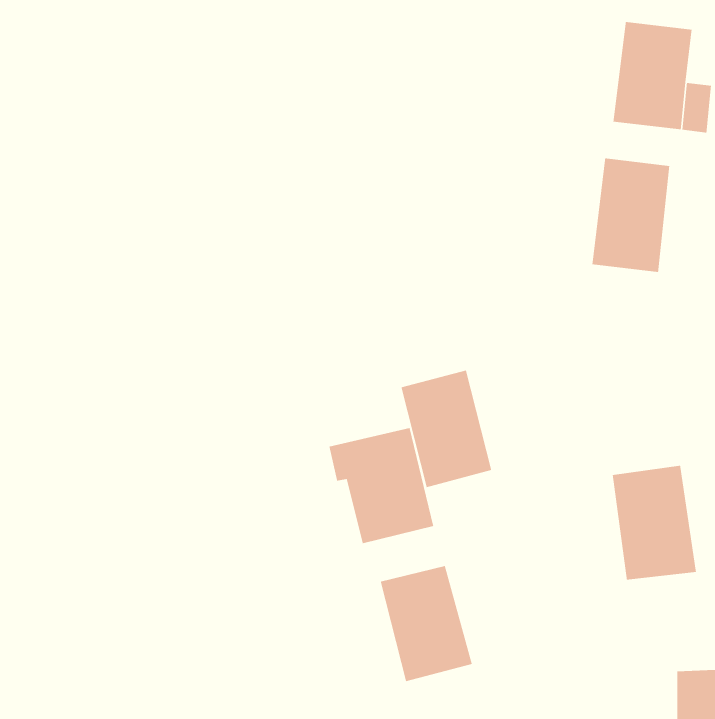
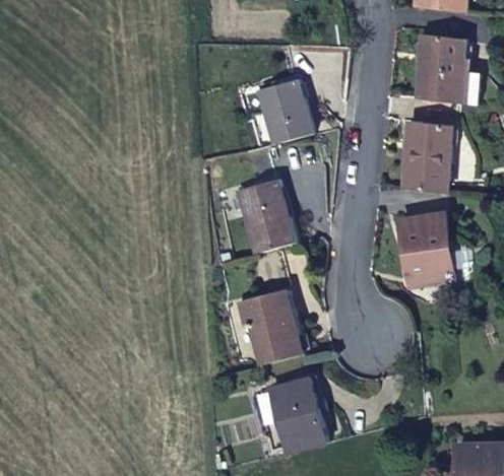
building: none -> [257,78,312,143]
building: [401,369,492,488] -> [237,178,295,253]
building: [612,465,697,580] -> [400,212,454,285]

